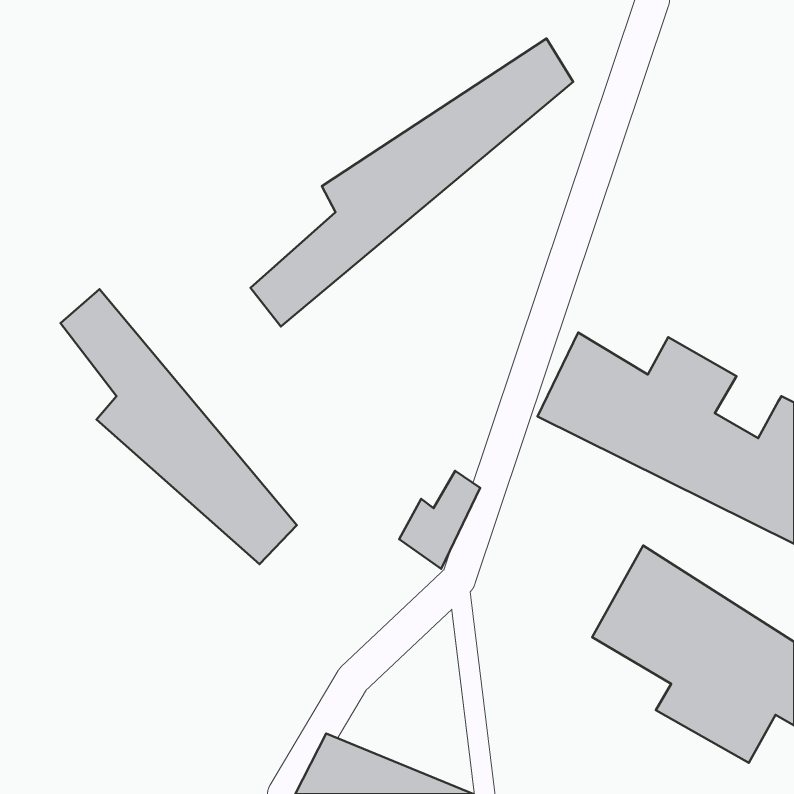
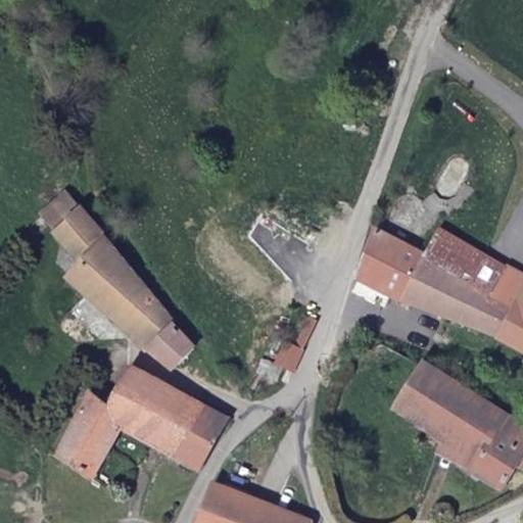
building: [251,38,573,326] -> none
building: none -> [470,247,512,288]
building: none -> [52,365,228,479]

